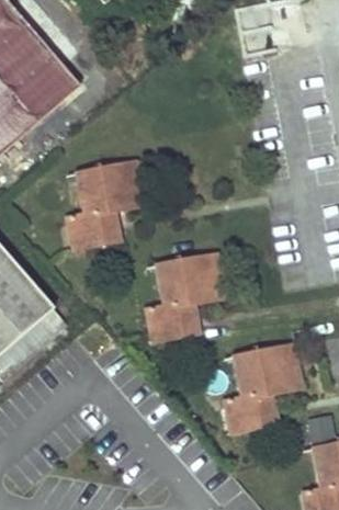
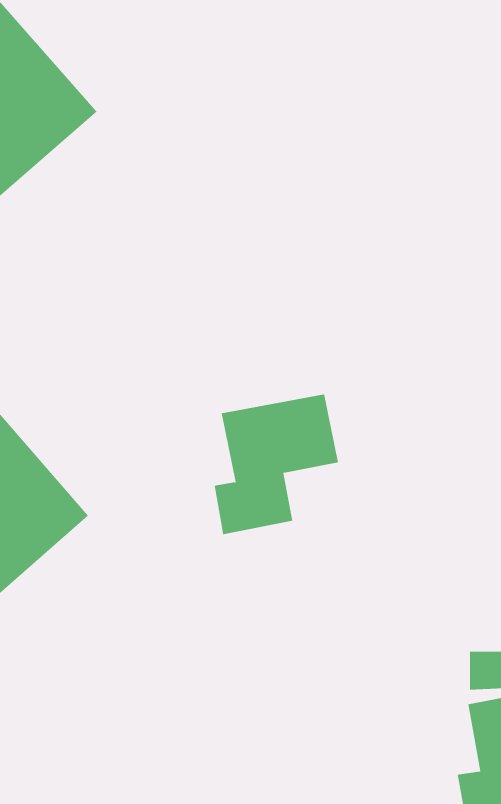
building: [72,160,146,242] -> none
building: [226,344,302,430] -> none

